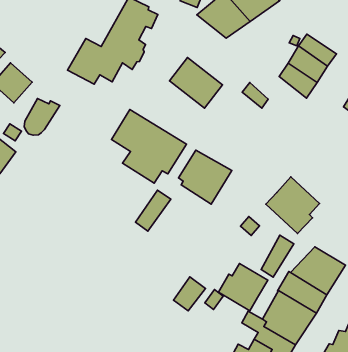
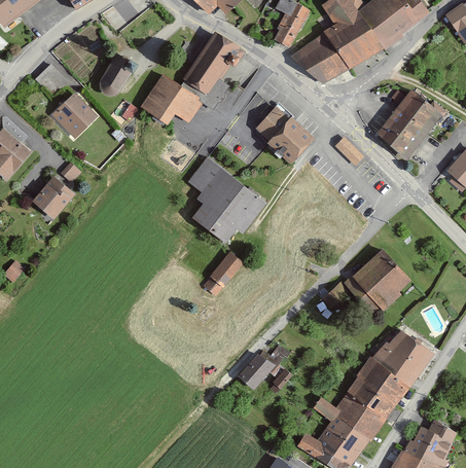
building: [24,98,60,135] -> [99,55,141,96]
building: [178,150,232,204] -> none
building: [261,235,294,277] -> none
building: [218,264,268,311] -> none

